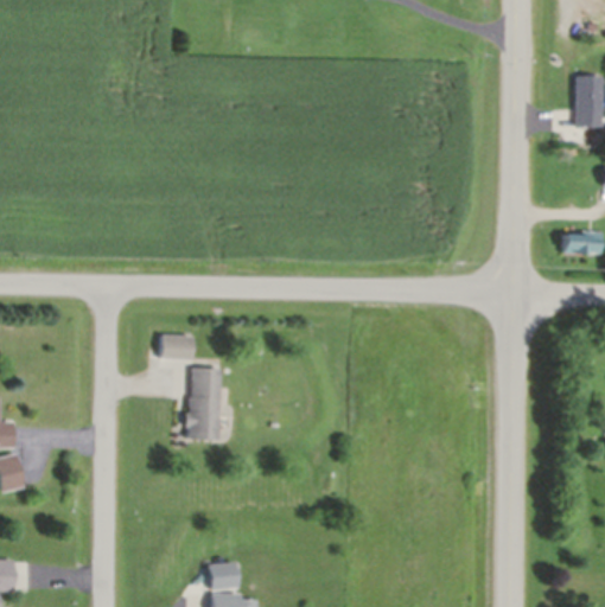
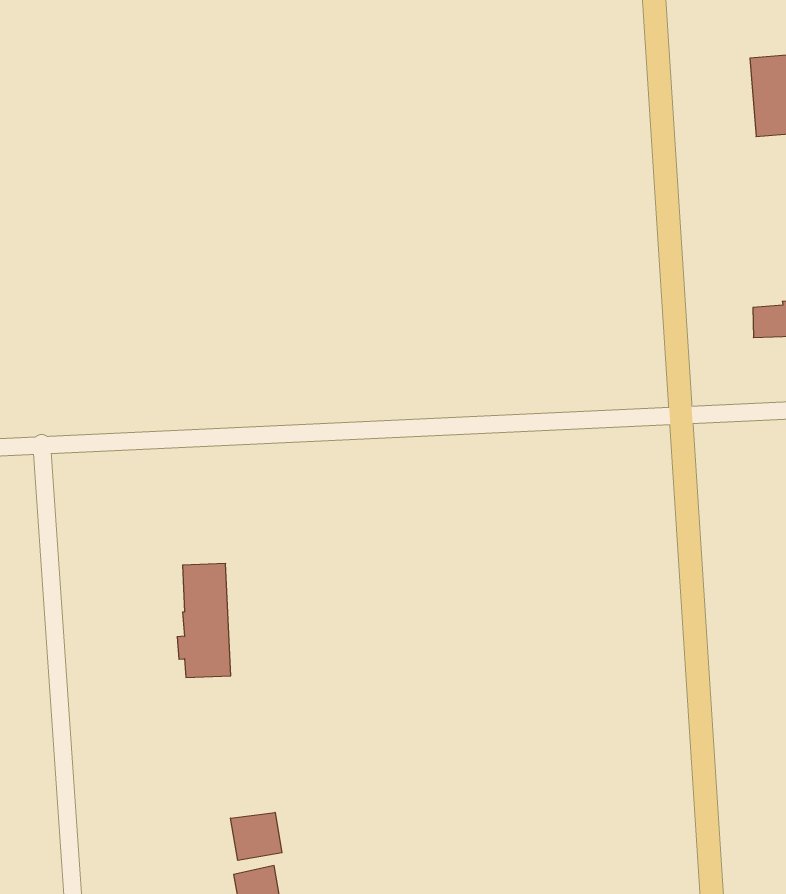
building: [161,334,193,360] -> none
building: none -> [231,812,282,860]

